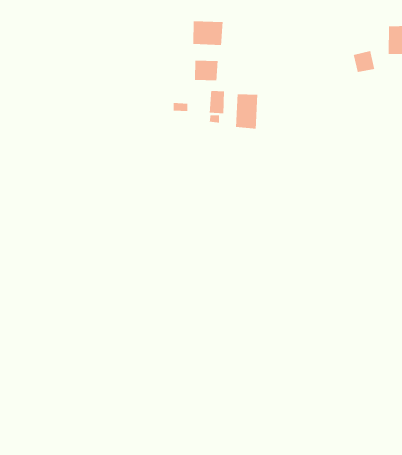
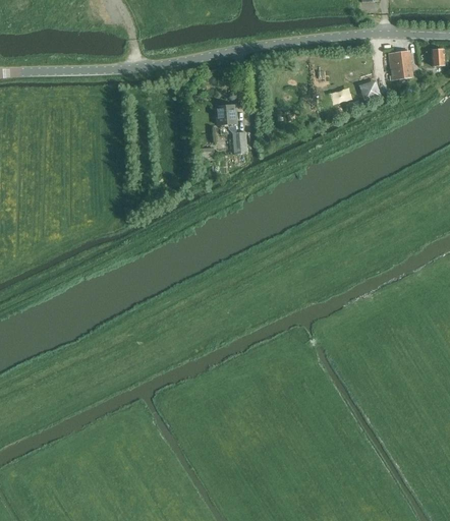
building: [192,21,223,46] -> none
building: [235,93,258,129] -> none

